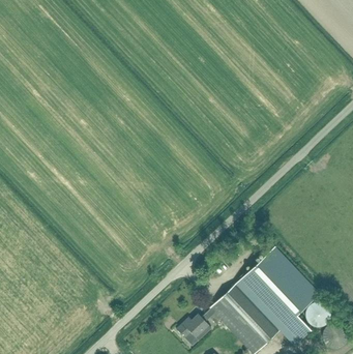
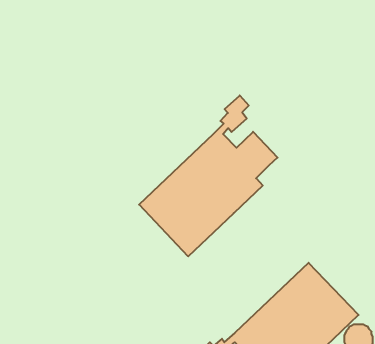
building: none -> [139,95,278,256]

